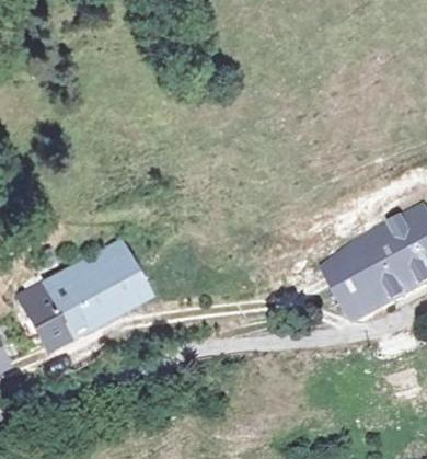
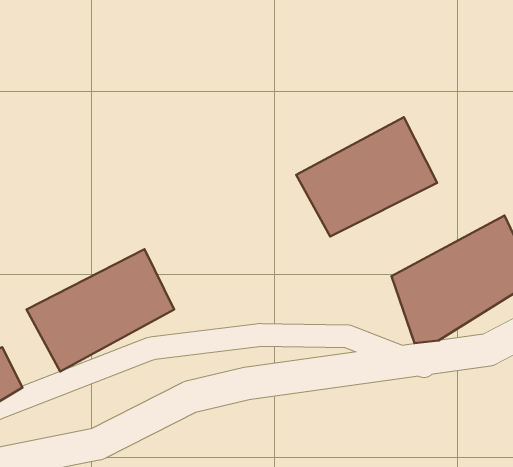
building: none -> [296,117,437,236]

